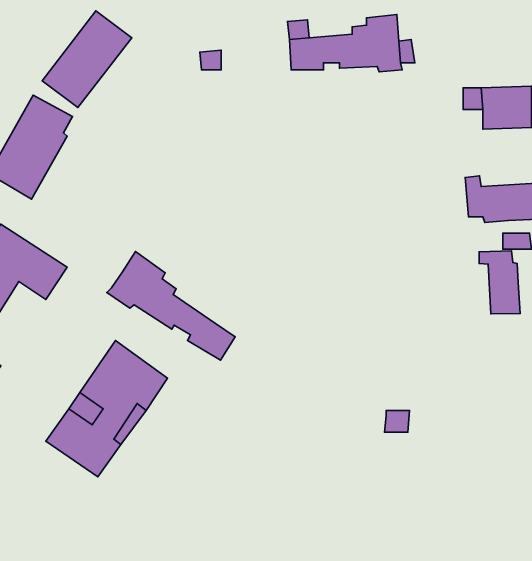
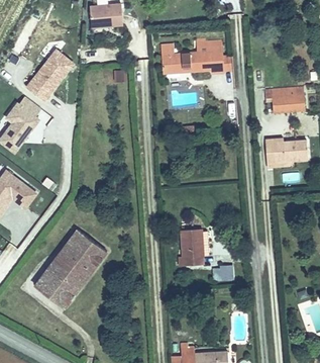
building: [479,251,520,314] -> none
building: [107,252,235,360] -> none
building: none -> [182,231,207,265]

